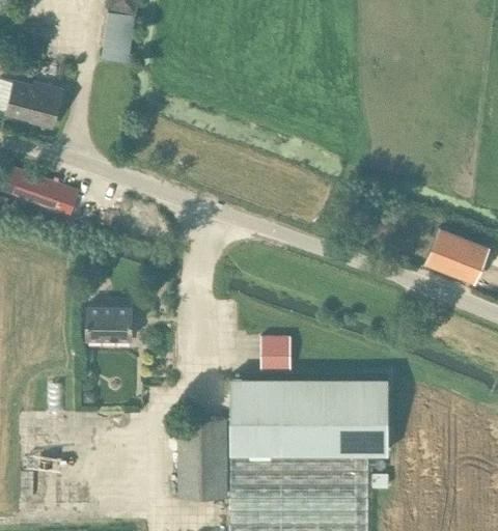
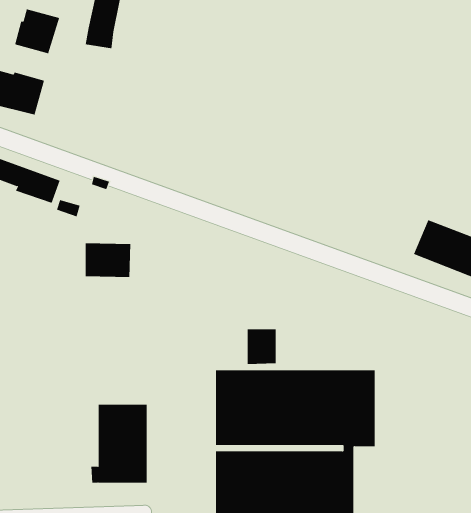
building: none -> [14,9,60,54]
building: [87,307,133,341] -> [85,243,131,277]
building: [171,421,227,499] -> [90,404,147,483]

